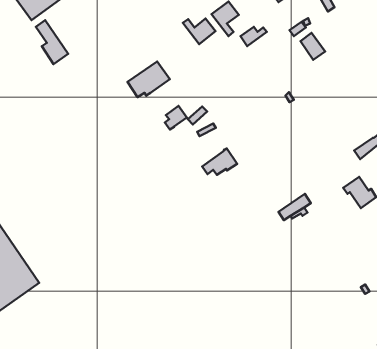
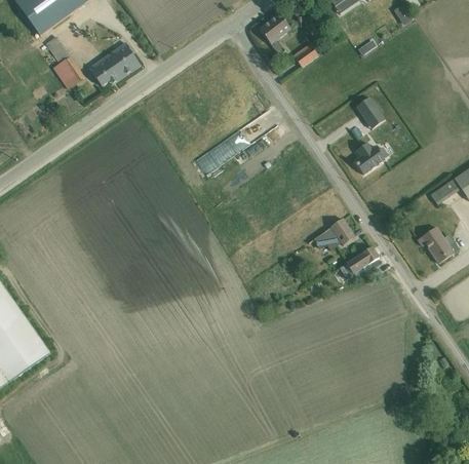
building: [183,18,216,44] -> none
building: [301,33,325,60] -> [355,95,385,128]
building: [127,61,170,97] -> [88,42,140,85]
building: none -> [353,142,388,173]
building: [202,149,237,175] -> [312,218,354,249]

